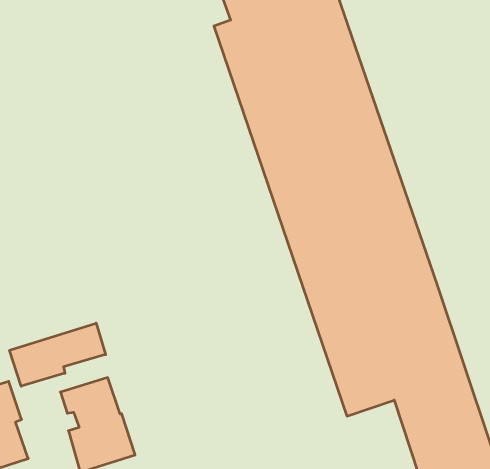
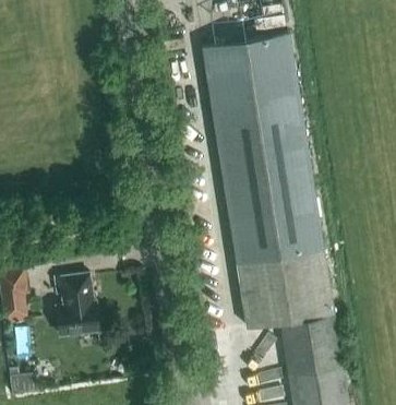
building: [10,323,106,386] -> none

